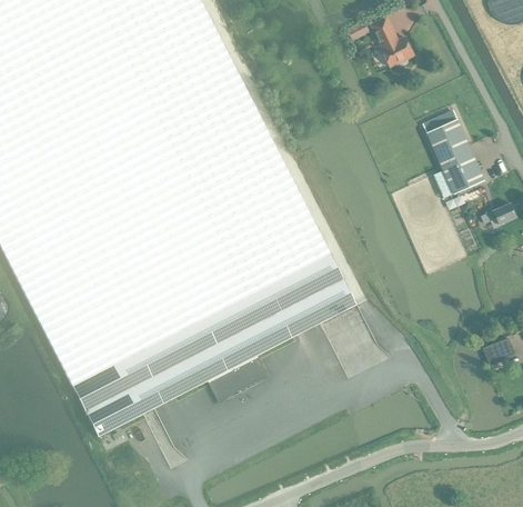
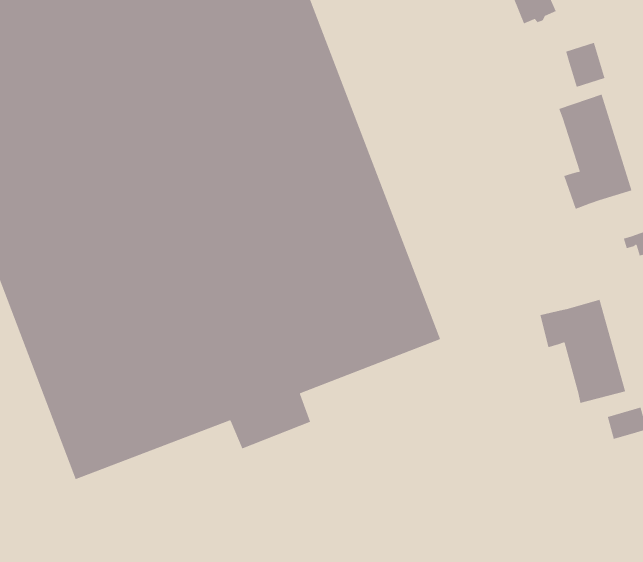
building: none -> [565,42,606,88]
building: none -> [539,299,626,404]

